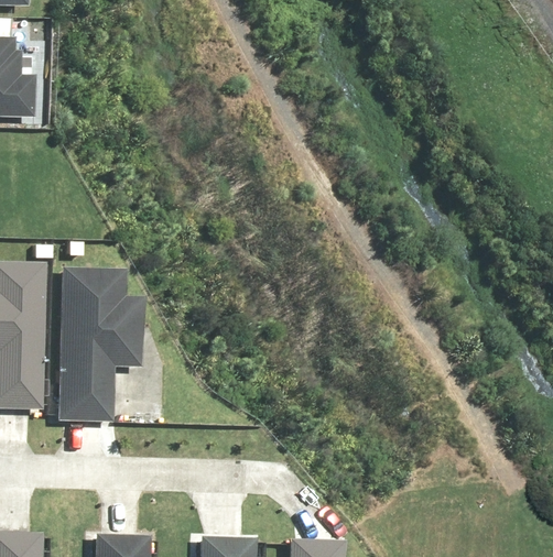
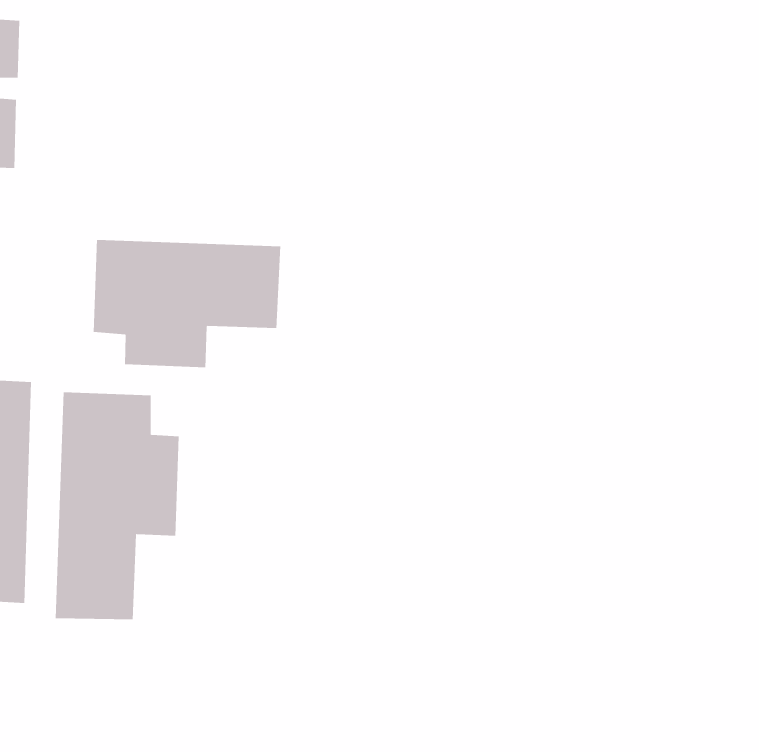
building: none -> [93,239,281,368]

